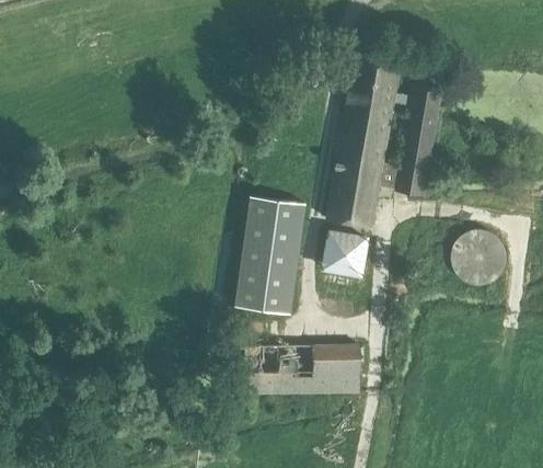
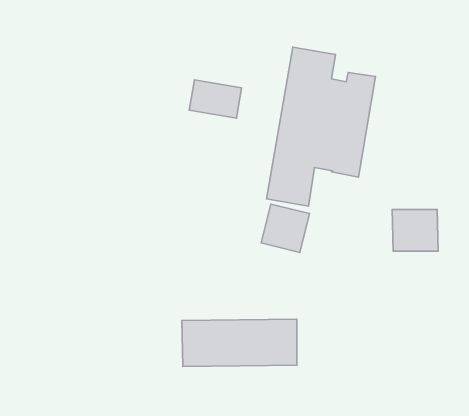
building: none -> [189,80,242,118]
building: [234,197,304,315] -> none

